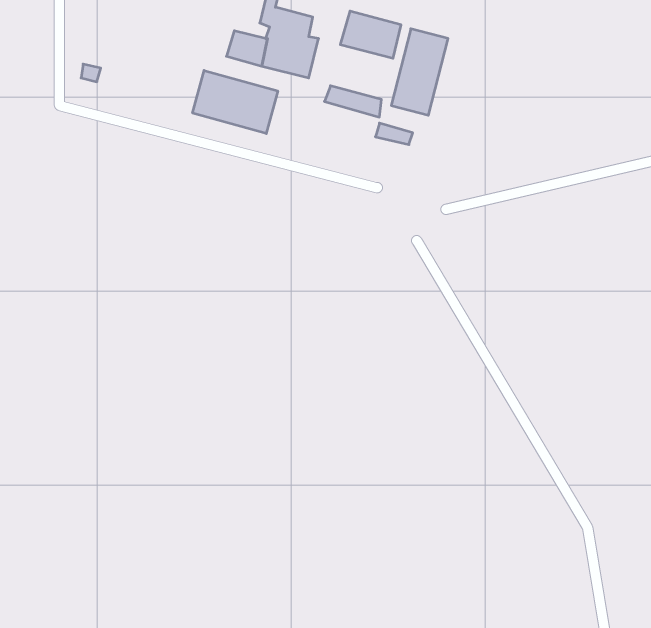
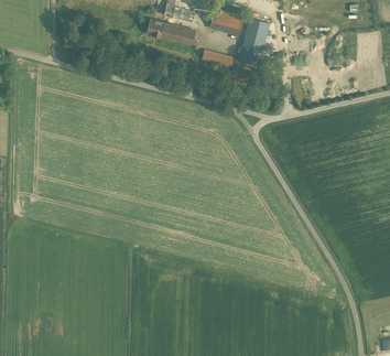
building: [193,70,278,134] -> none

